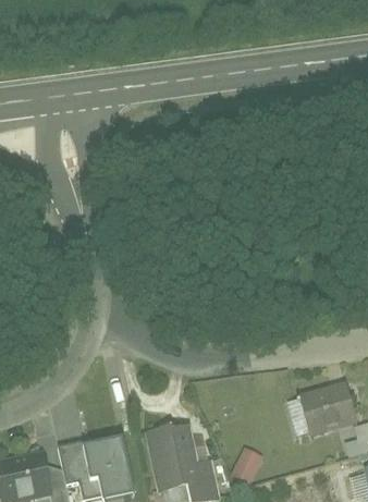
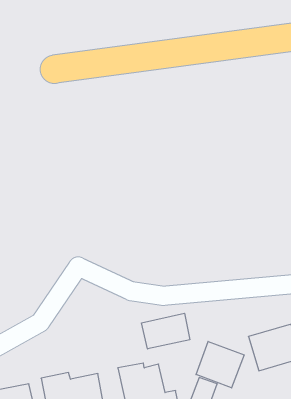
building: none -> [142,313,190,349]
building: none -> [196,341,244,388]

